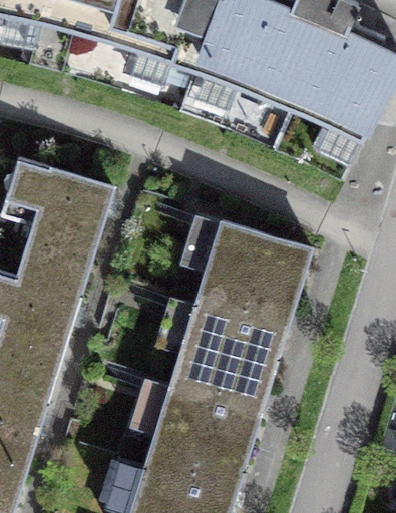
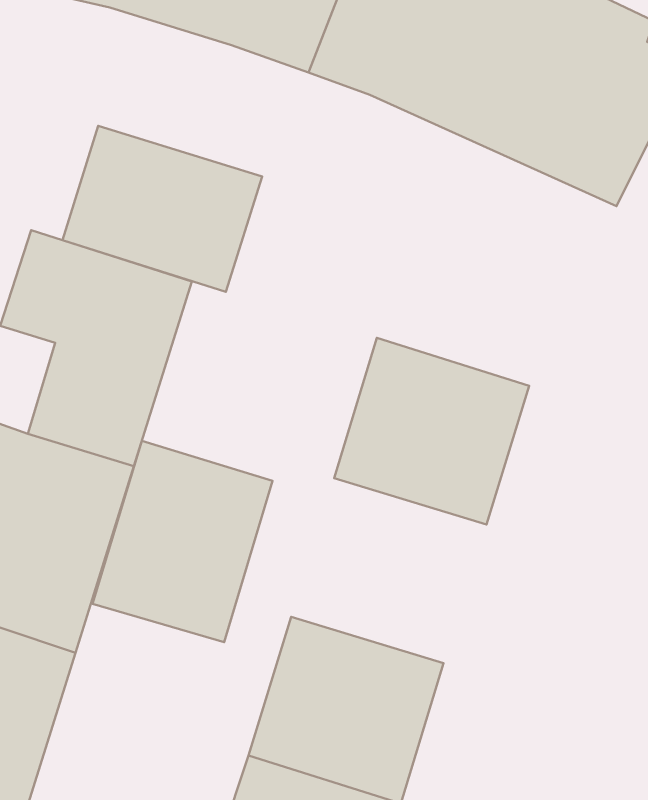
building: none -> [63,126,262,292]
building: none -> [92,441,272,642]
building: [171,302,286,410] -> none

